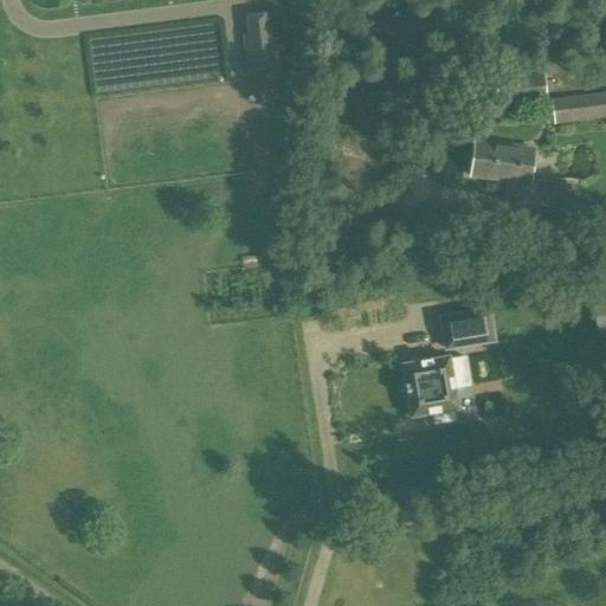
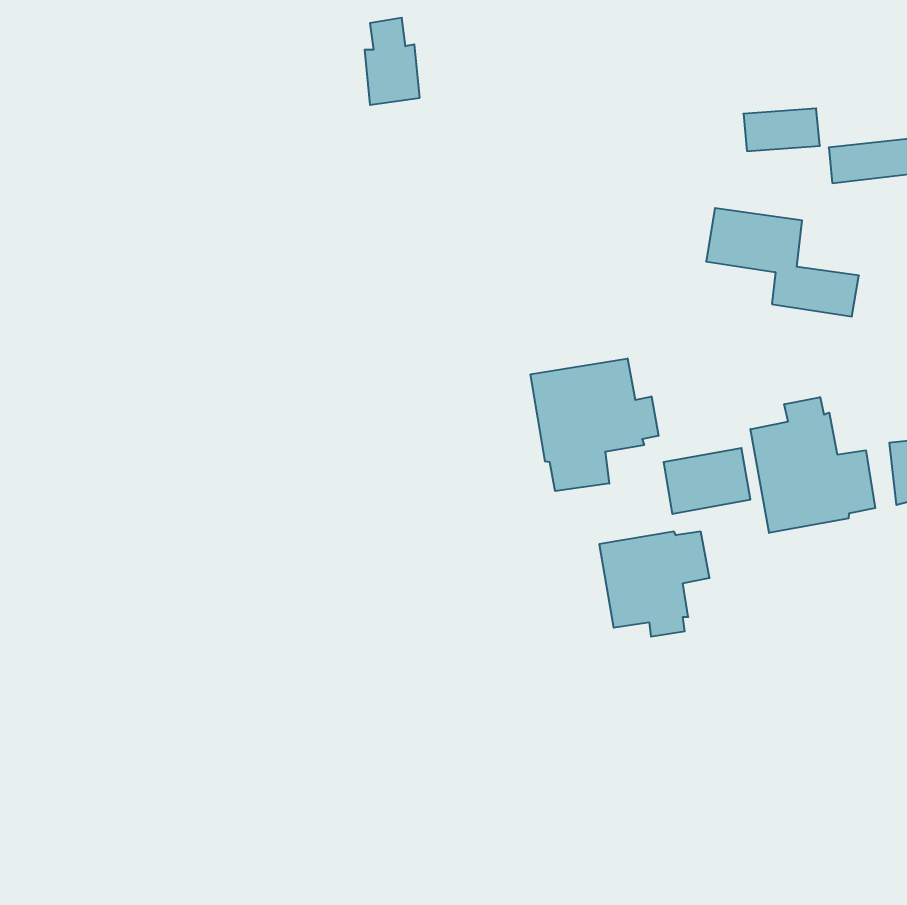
building: none -> [531,358,658,491]
building: none -> [750,397,875,533]

